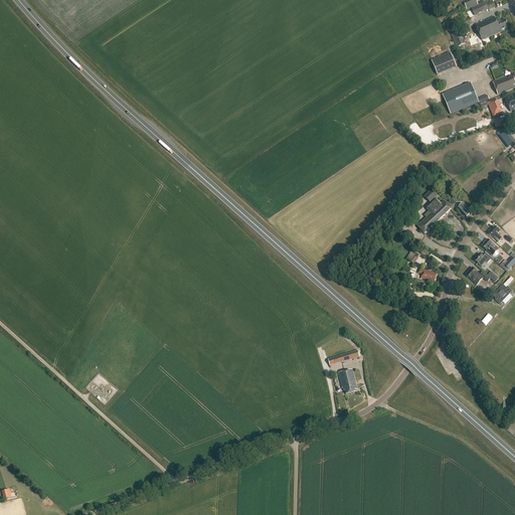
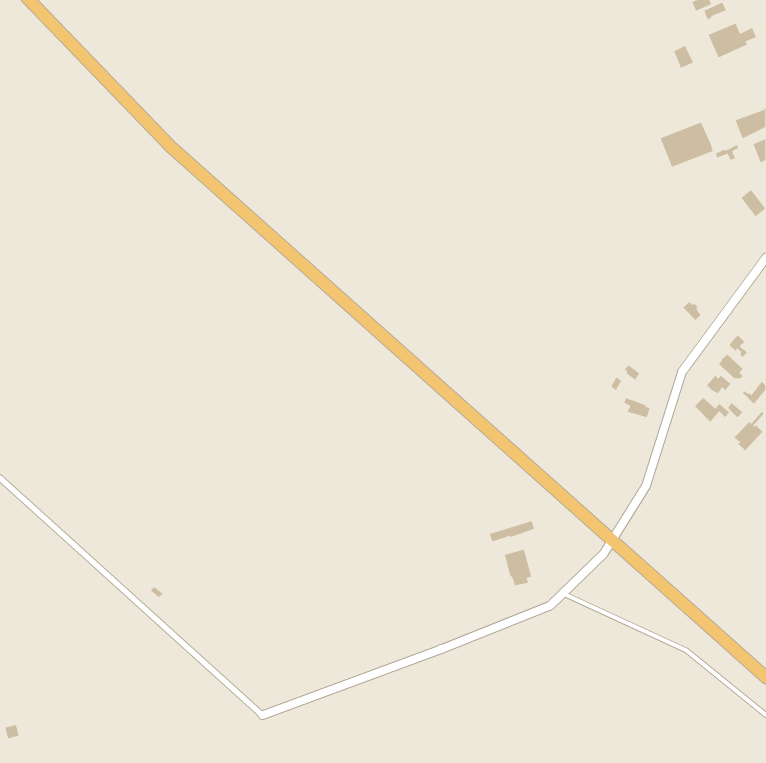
building: [433,49,458,71] -> none
building: [417,187,452,232] -> none

